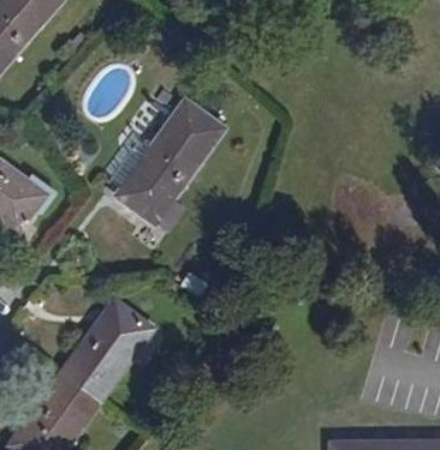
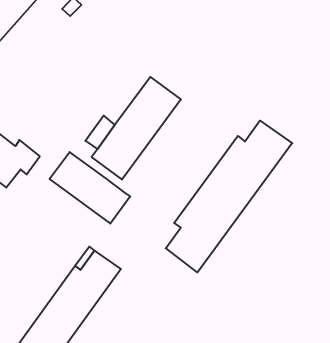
building: none -> [166,121,292,272]
building: none -> [50,152,130,224]

